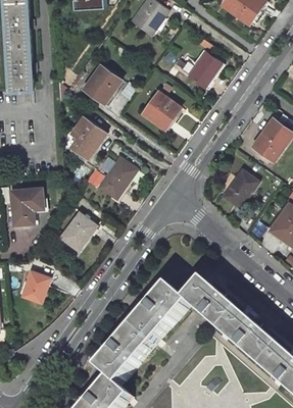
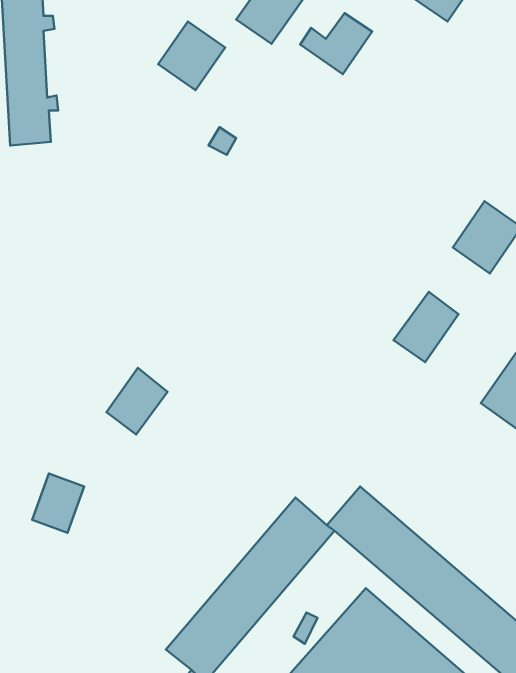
building: [183,52,223,86] -> [300,13,372,74]
building: [86,64,123,102] -> [158,22,225,90]
building: [144,91,181,128] -> none
building: [74,116,108,157] -> none
building: [101,157,138,197] -> none
building: [10,188,43,224] -> none

